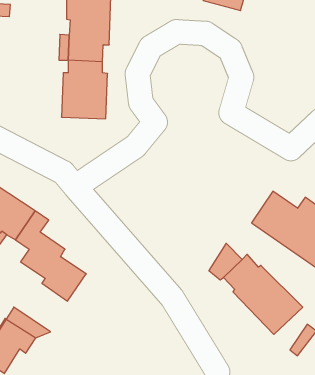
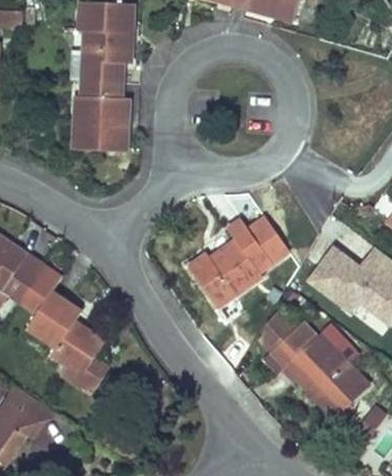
building: none -> [187,219,287,306]
building: none -> [46,353,110,394]

